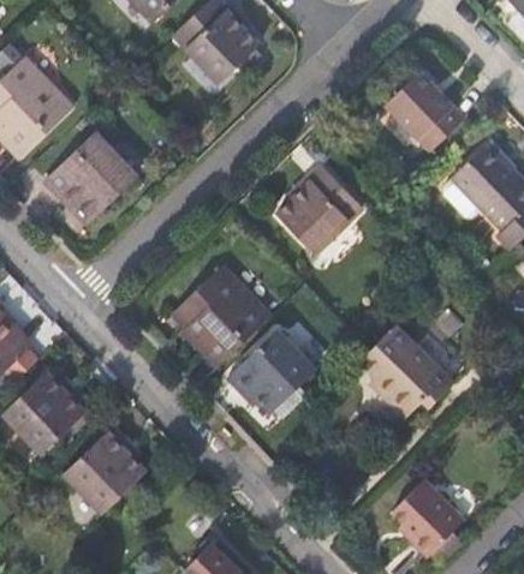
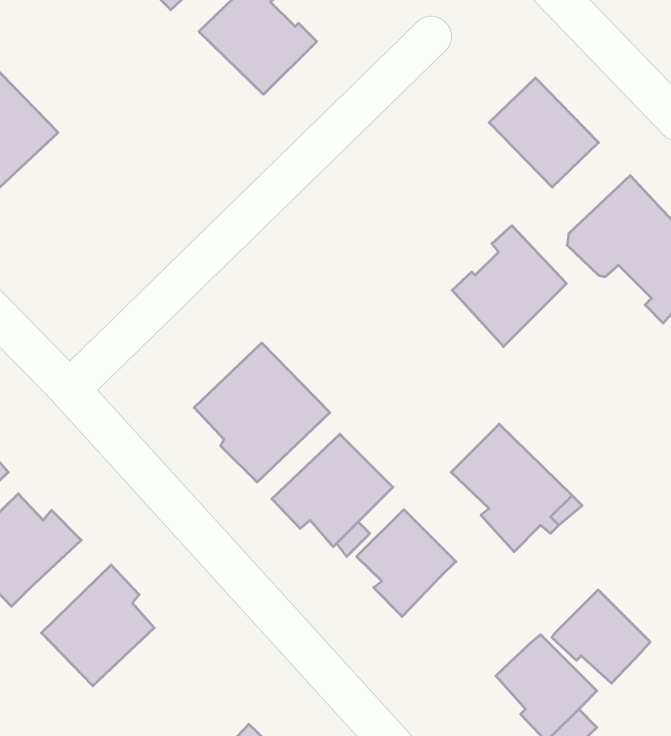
building: [47,134,139,220] -> none
building: [276,168,359,256] -> [452,226,566,347]
building: none -> [357,510,456,617]
building: none -> [552,590,650,683]

